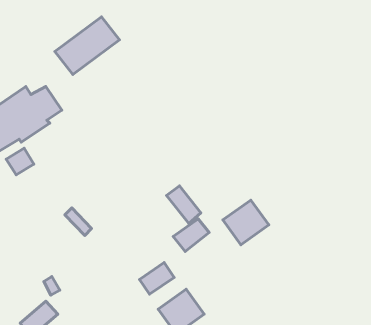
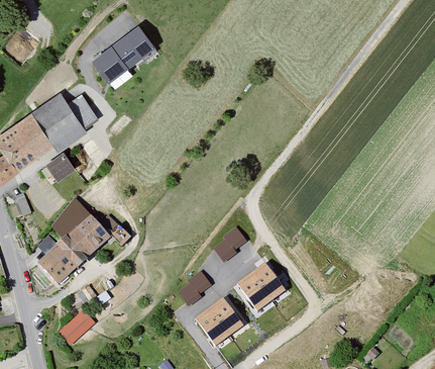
building: [166,186,201,223] -> none
building: none -> [40,198,110,283]
building: [223,200,269,245] -> [239,264,286,309]

